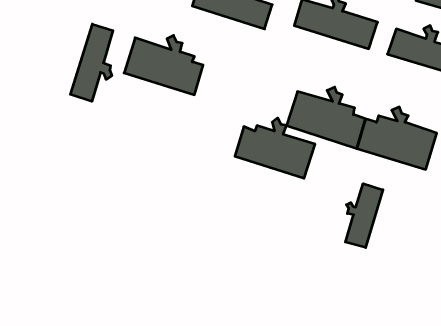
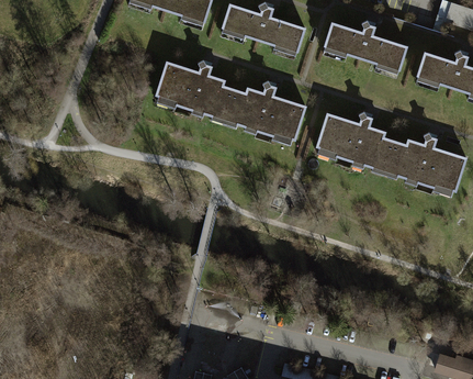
building: [70,24,113,101] -> none
building: [235,118,315,178] -> [225,81,305,142]
building: [345,184,383,248] -> none

